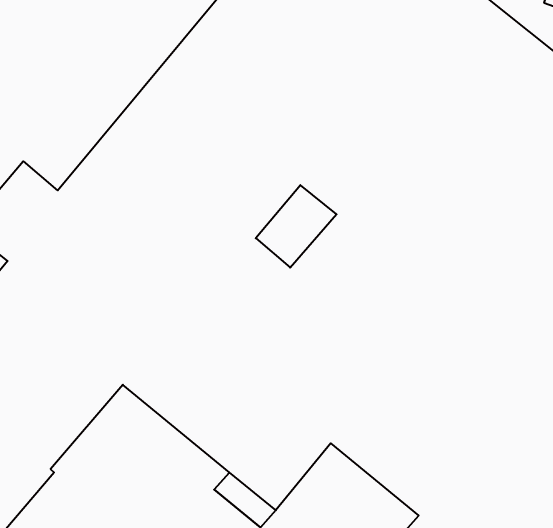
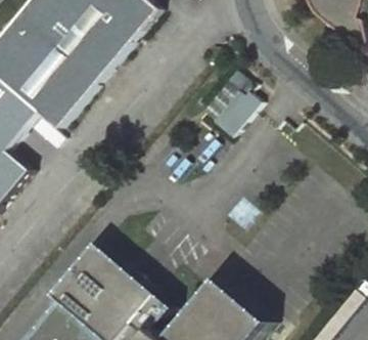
building: [256,185,337,268] -> [210,88,258,137]

